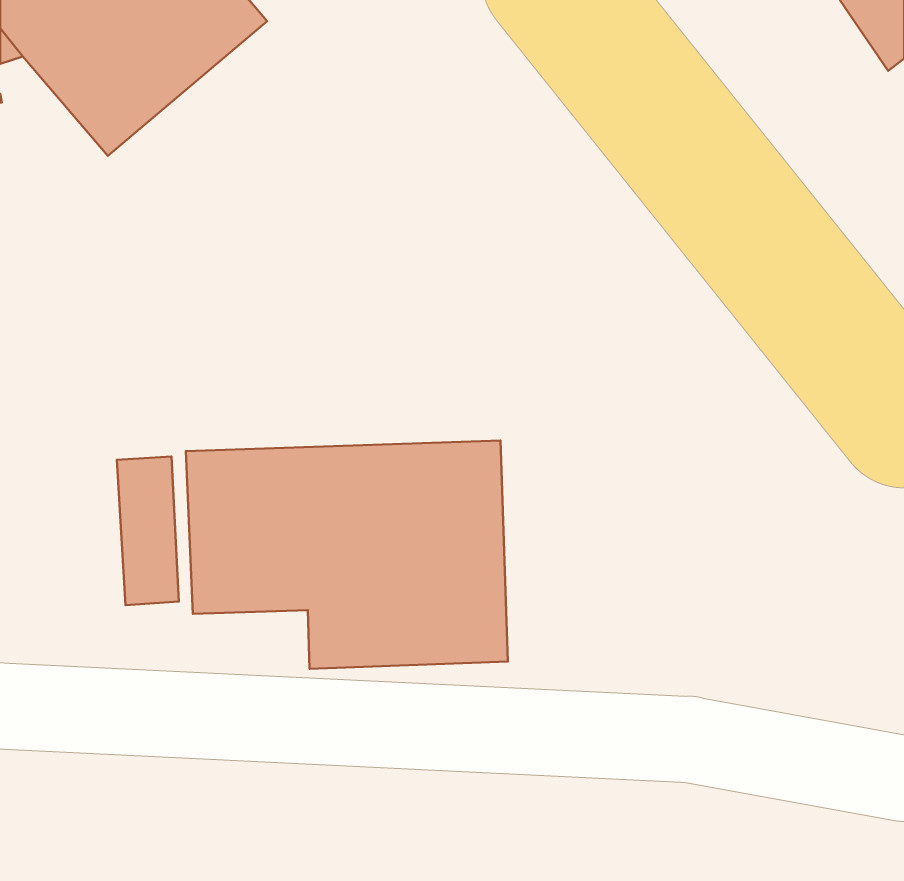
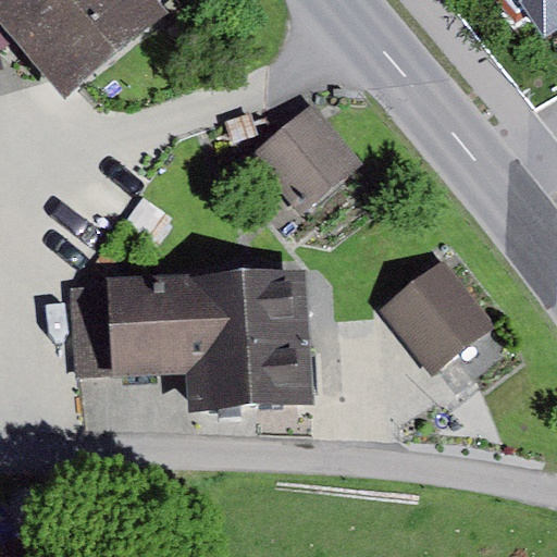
building: none -> [247,100,363,213]
building: none -> [374,255,492,373]

